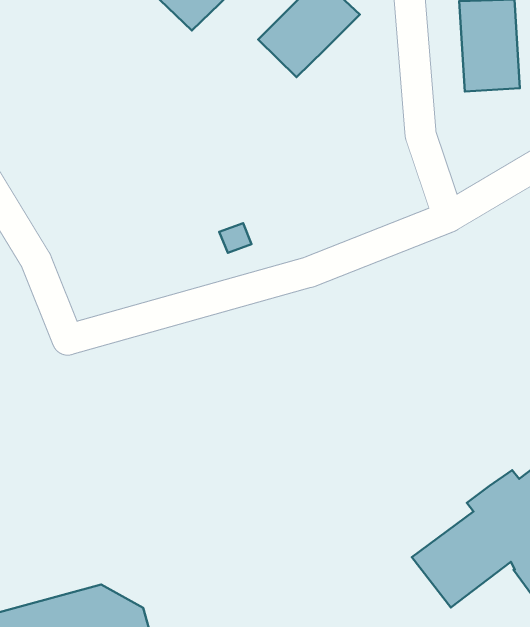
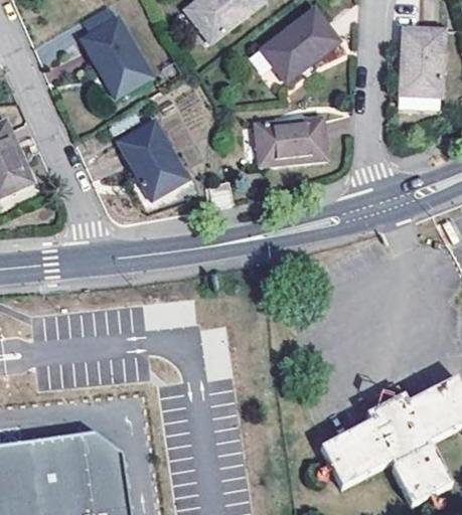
building: none -> [85,21,153,99]
building: none -> [251,119,320,166]
building: none -> [121,121,188,197]

